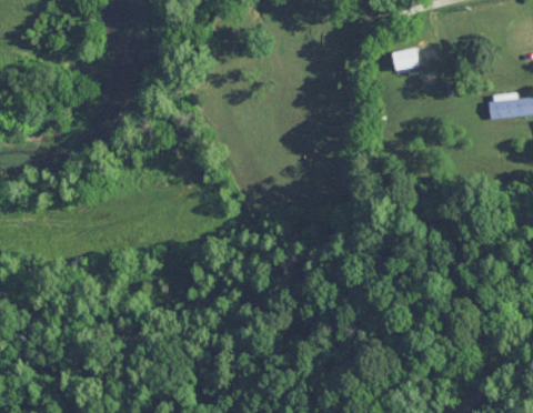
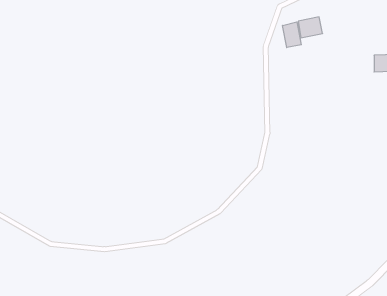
building: none -> [283,22,301,48]

